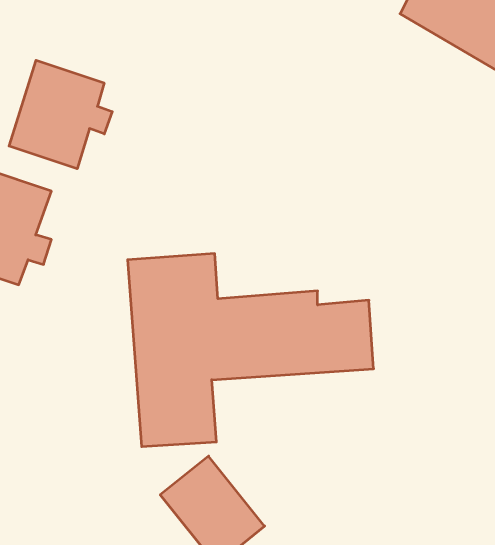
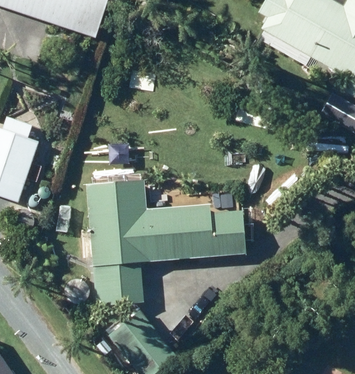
building: [9,60,112,169] -> none

